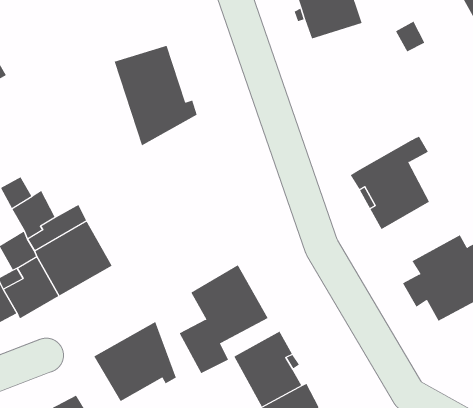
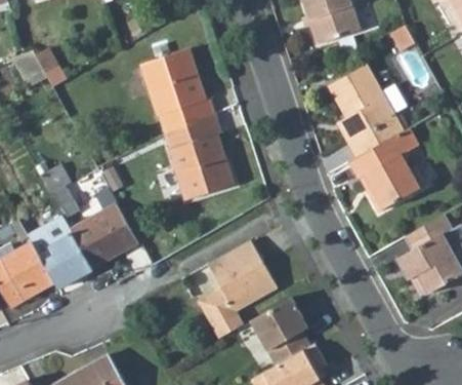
building: none -> [327,63,405,158]
building: none -> [166,110,233,196]
building: [94,321,176,402] -> none

